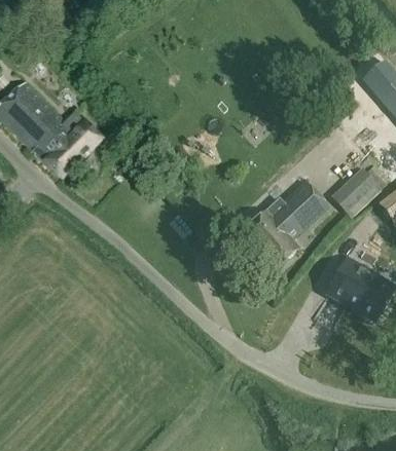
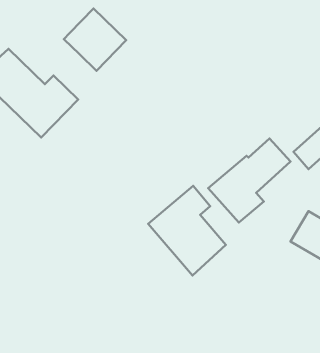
building: none -> [64,9,126,71]
building: none -> [148,186,226,276]

